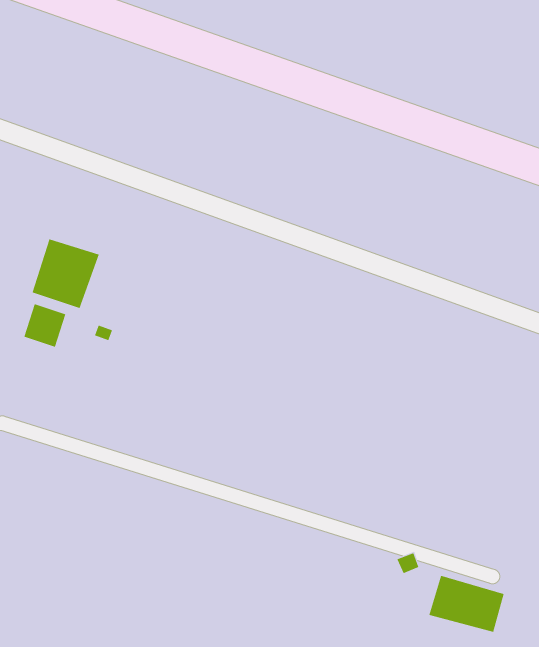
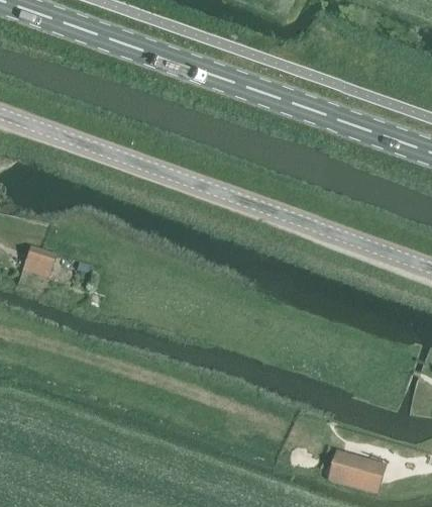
building: [32,238,100,309] -> none

